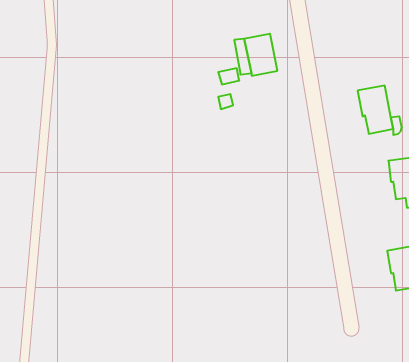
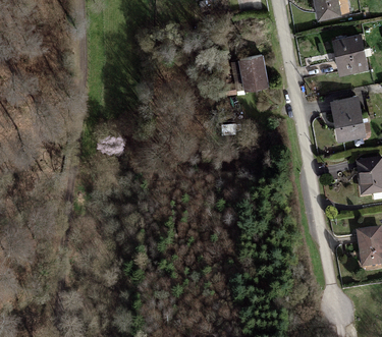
building: none -> [334,35,371,72]

